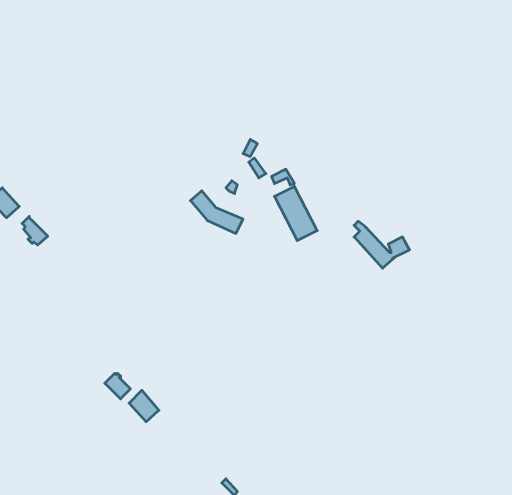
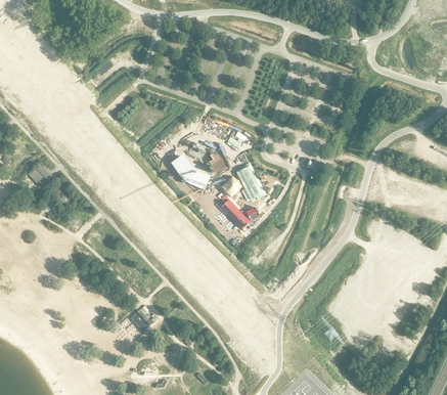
building: [354,221,410,268] -> [219,193,259,227]

